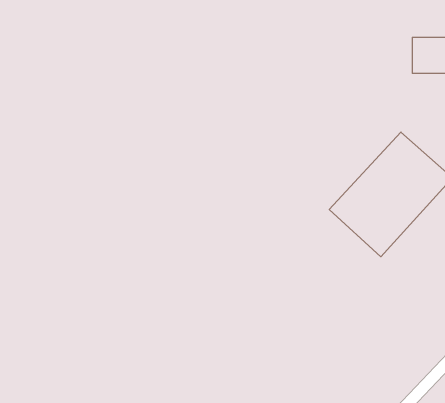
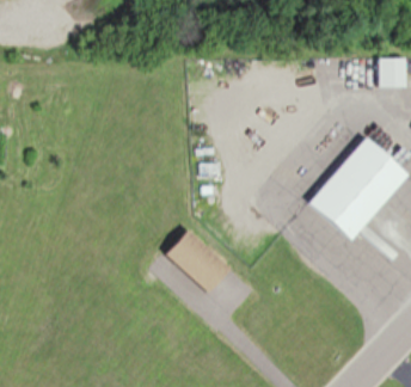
building: none -> [166,231,228,291]

